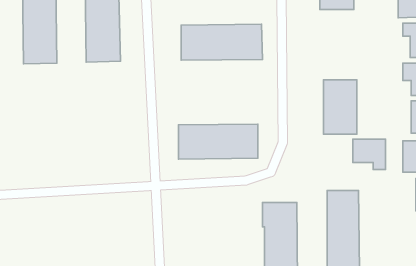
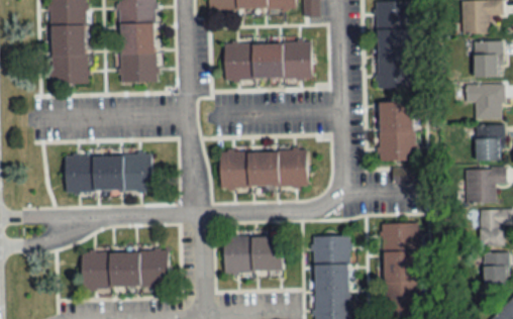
building: none -> [377,30,413,89]
building: none -> [65,153,151,193]
building: [353,139,386,169] -> none
building: none -> [224,236,283,274]
building: none -> [81,251,169,290]

